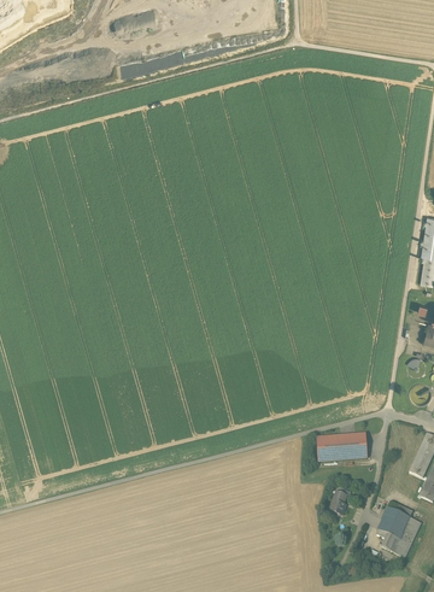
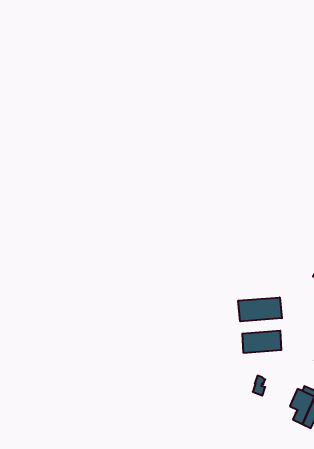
building: none -> [238,297,282,321]

